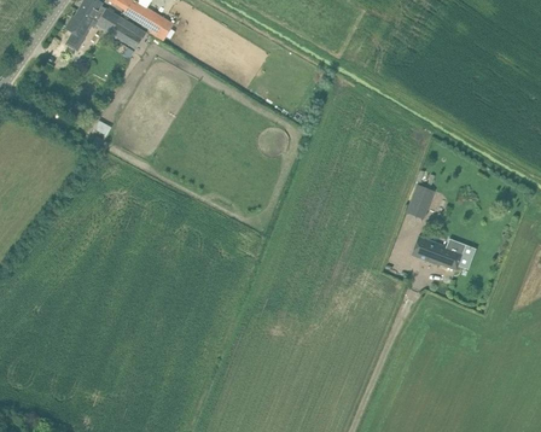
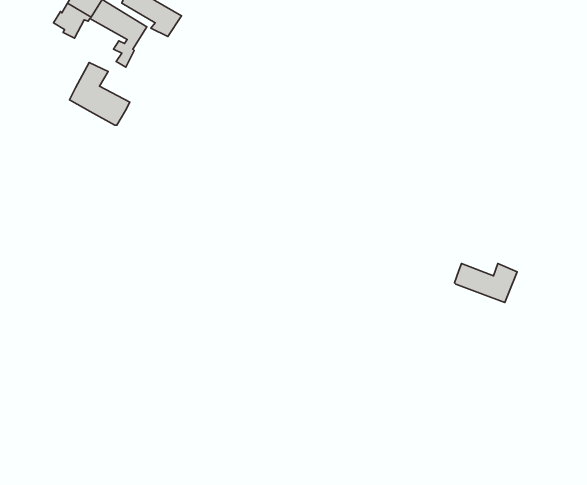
building: none -> [69,63,130,125]
building: [407,185,435,218] -> none

